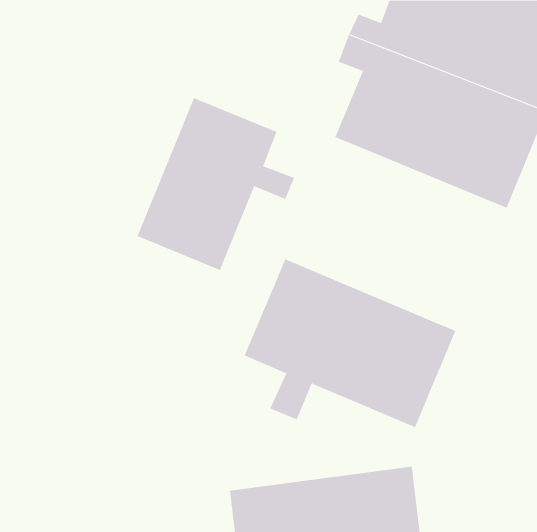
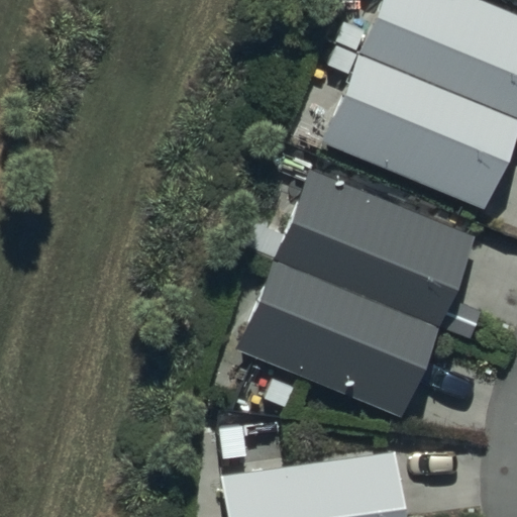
building: [137,97,295,271] -> none
building: none -> [248,170,477,325]

